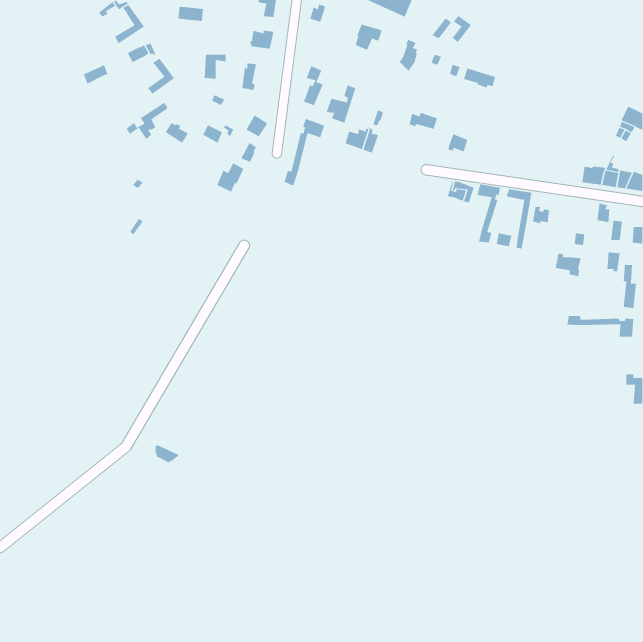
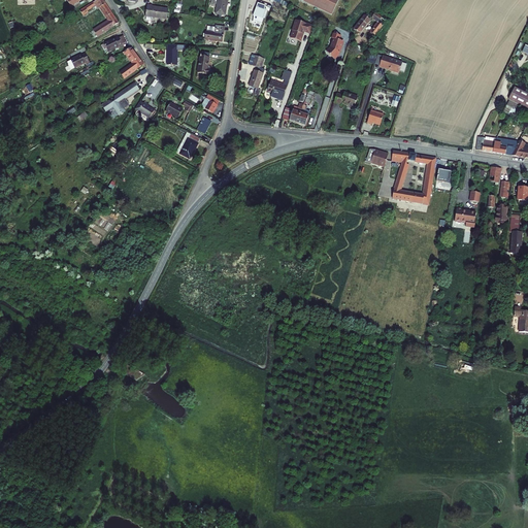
building: [284,118,325,187] -> none
building: [567,315,634,338] -> none

